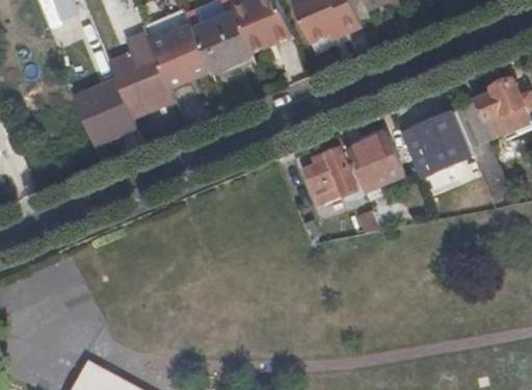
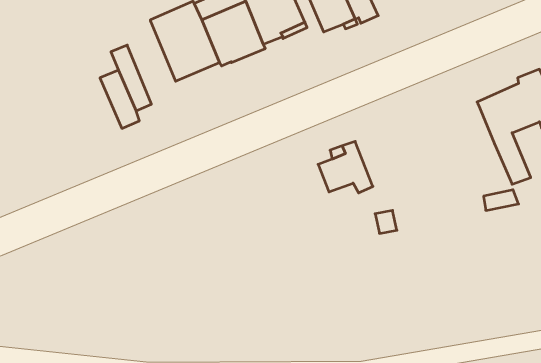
building: [123,31,174,110] -> none
building: [73,85,117,142] -> none
building: [402,110,471,163] -> none
building: [349,133,404,187] -> none

